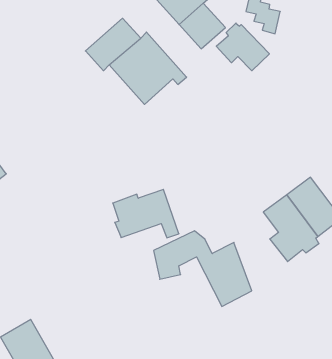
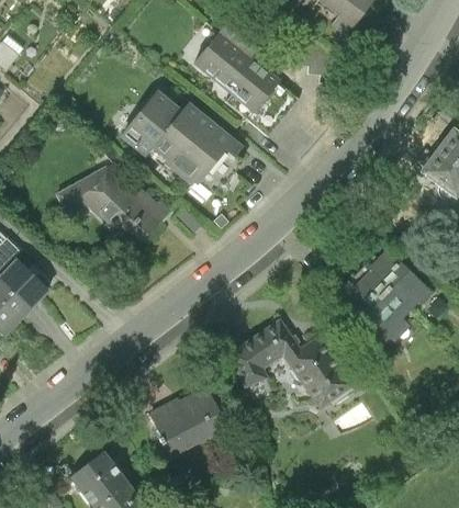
building: [216,23,269,71] -> none
building: none -> [57,163,170,251]
building: [113,189,179,238] -> [152,392,233,454]

